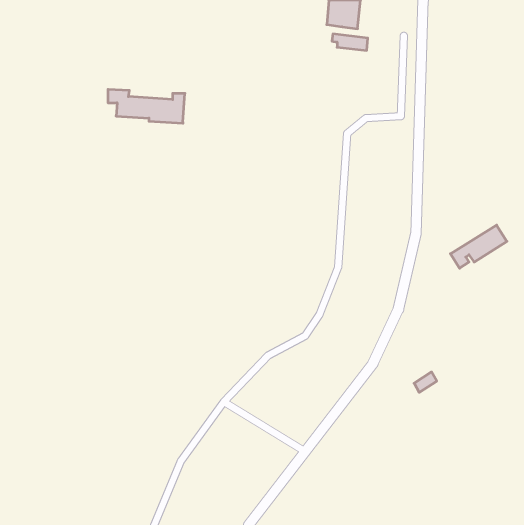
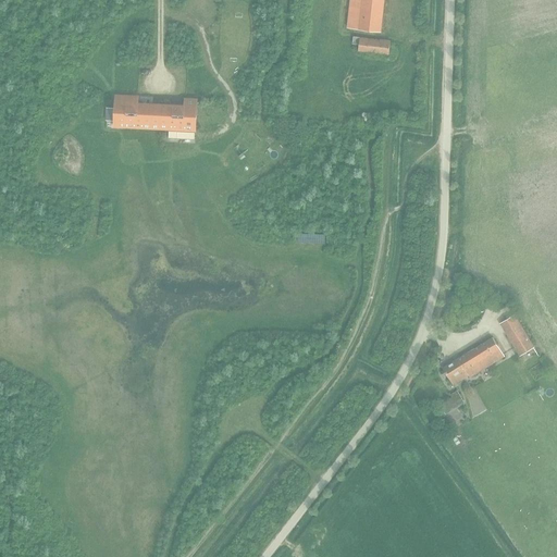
building: [450,225,507,268] -> [443,338,503,384]
building: none -> [500,315,533,356]

